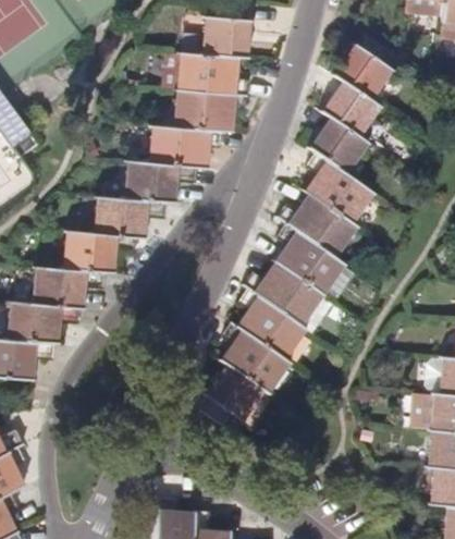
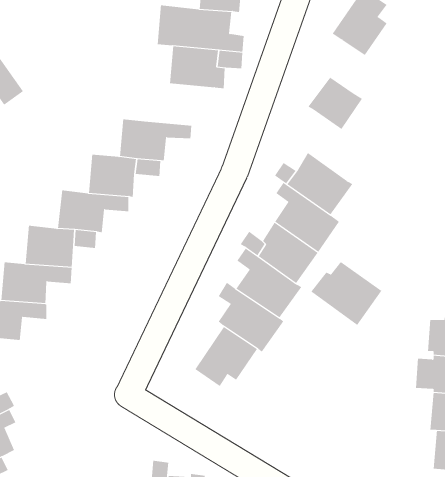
building: [323,85,377,137] -> none
building: [150,126,219,169] -> none
building: [306,154,371,223] -> none
building: none -> [311,261,382,326]

